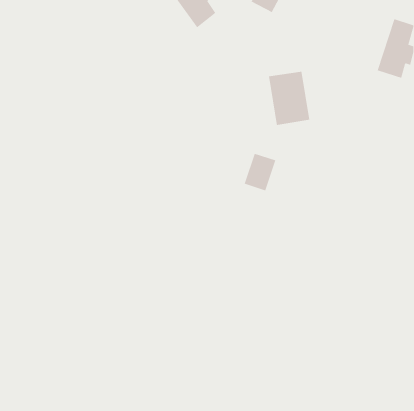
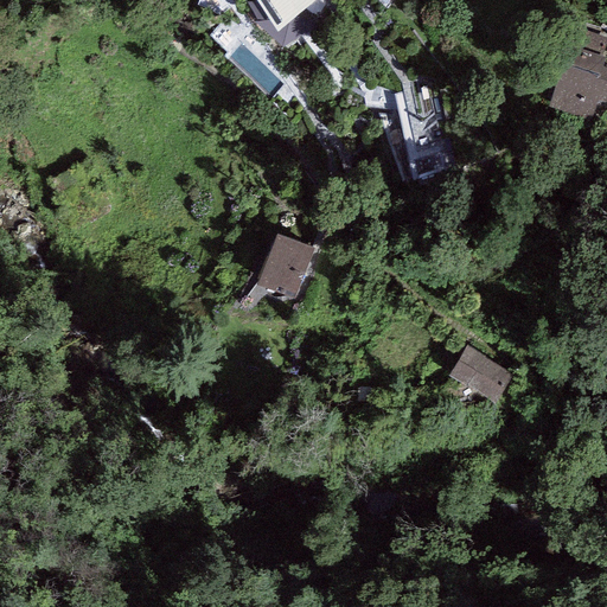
building: [244,153,276,191] -> [262,236,309,292]
building: none -> [454,349,509,395]

